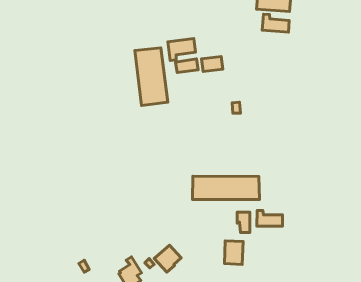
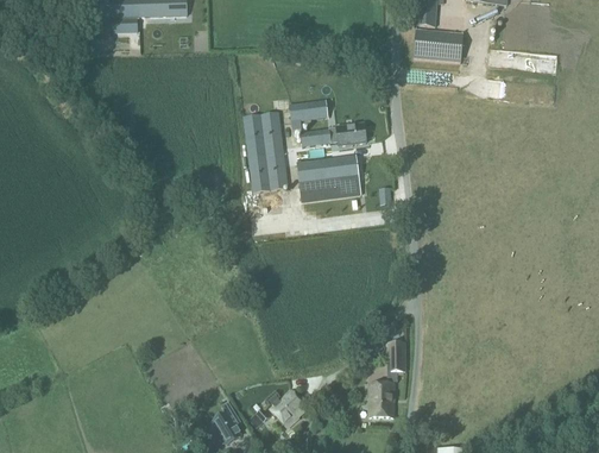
building: [262,14,289,32] -> none
building: none -> [296,155,361,202]
building: [193,176,260,200] -> none
building: [257,210,282,226] -> none

